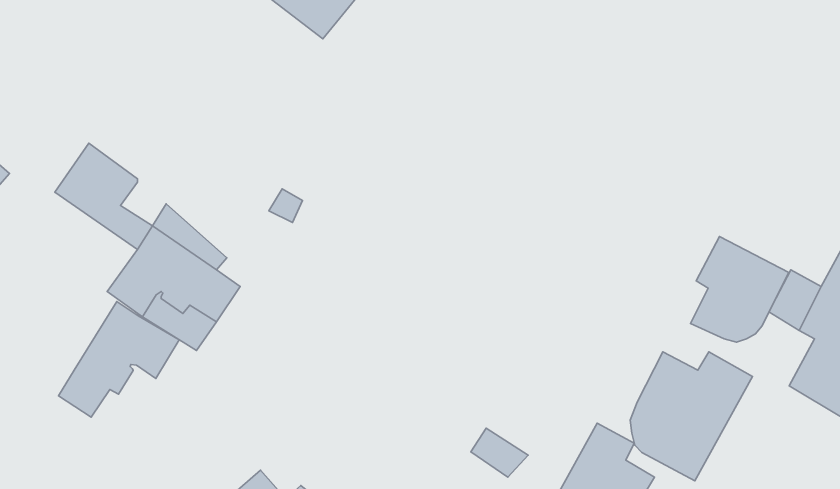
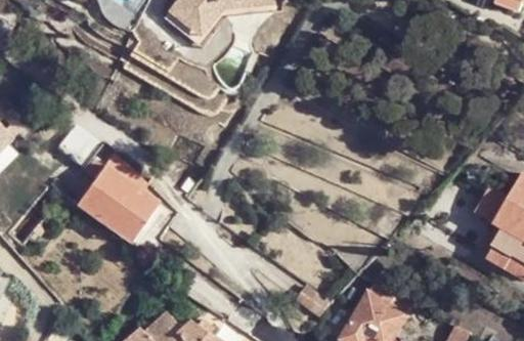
building: [691,236,789,342] -> none
building: [59,301,179,417] -> none
building: [630,352,753,481] -> none

